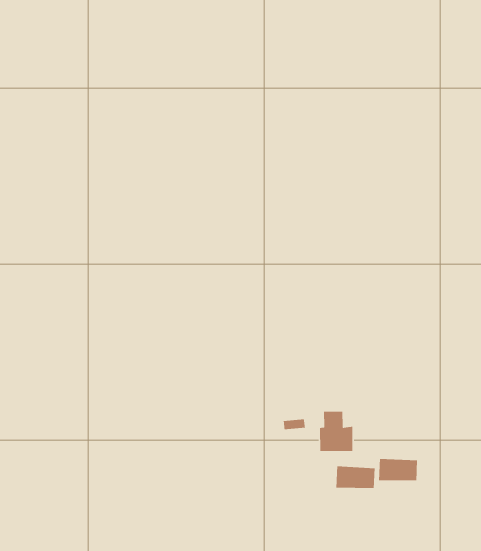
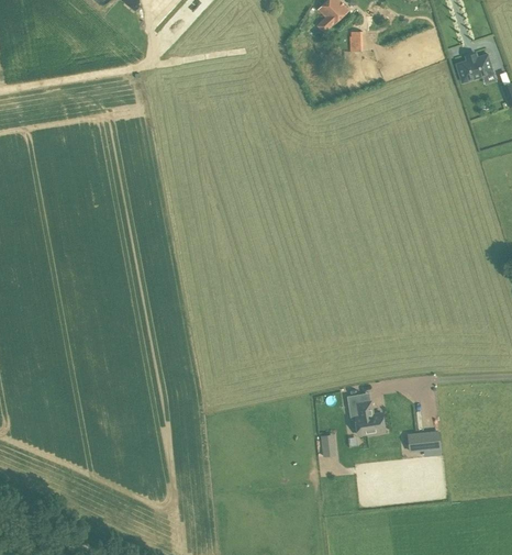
building: [336,466,375,489] -> none

